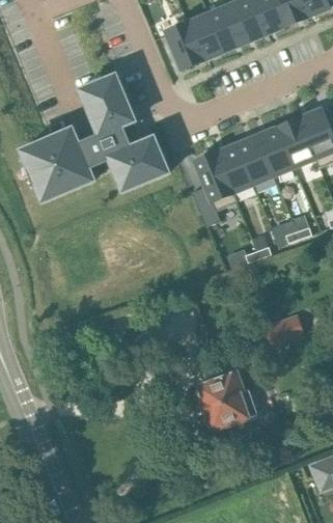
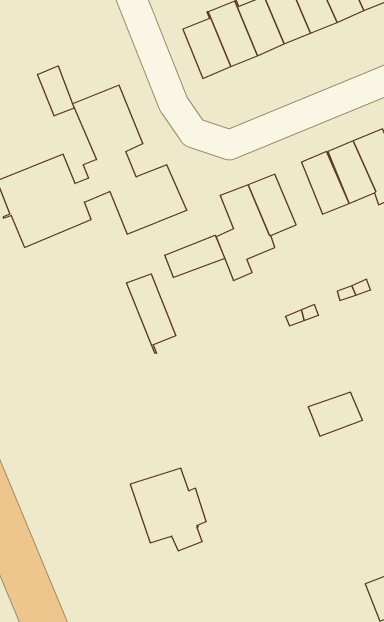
building: none -> [37,66,74,116]
building: [238,134,275,183] -> none
building: none -> [165,235,225,278]
building: none -> [127,274,176,353]
building: [198,371,257,436] -> [130,468,206,551]

